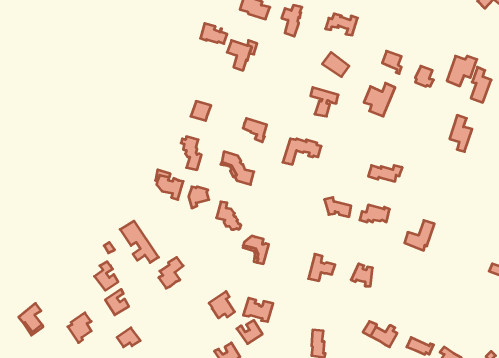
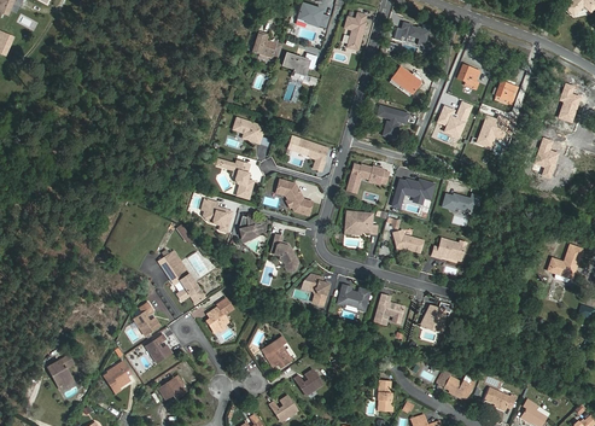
building: [447,56,477,86] -> [476,116,509,150]
building: none -> [392,180,434,208]
building: none -> [345,211,377,234]
building: [405,220,434,250] -> [548,245,582,279]
building: [243,298,273,322] -> [337,285,371,311]

